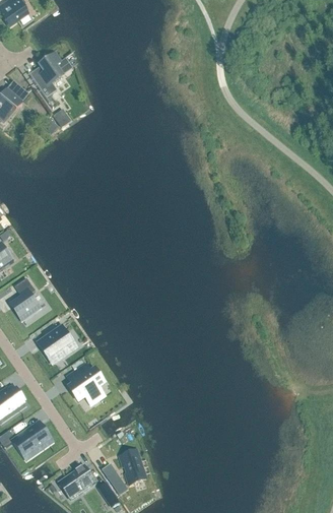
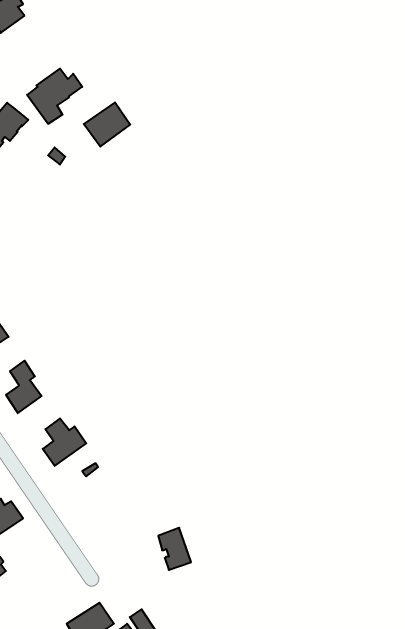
building: none -> [84,102,130,147]
building: [71,366,101,401] -> none
building: [20,425,51,453] -> none
building: [120,450,145,483] -> [158,528,191,570]

